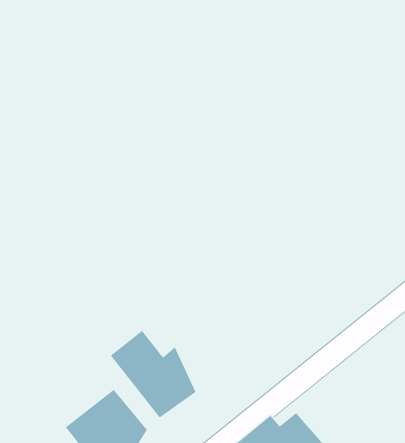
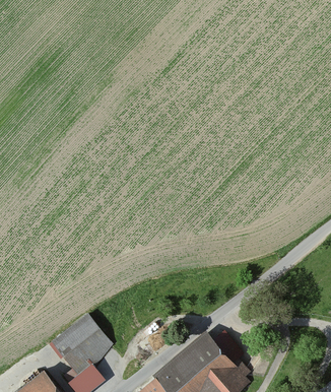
building: [110,330,197,419] -> none

